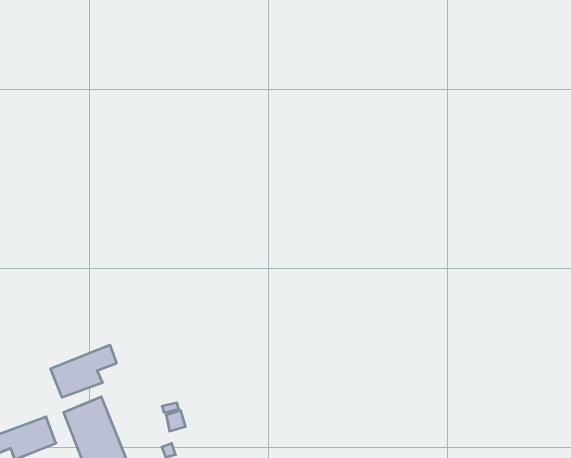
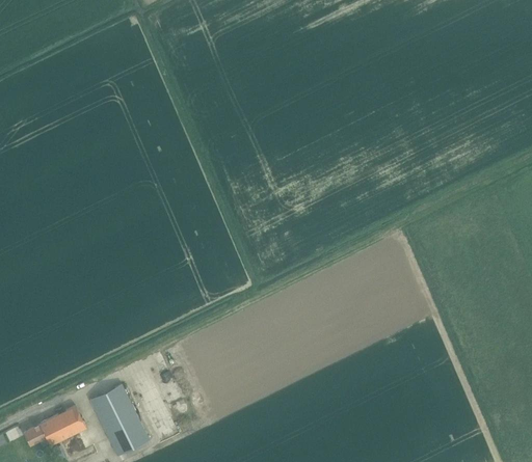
building: [51,345,116,397] -> none

